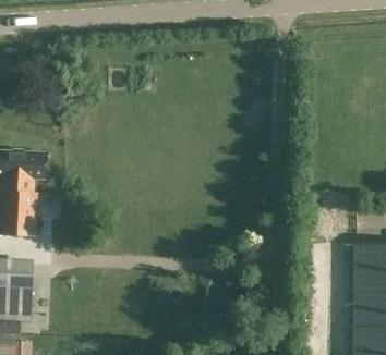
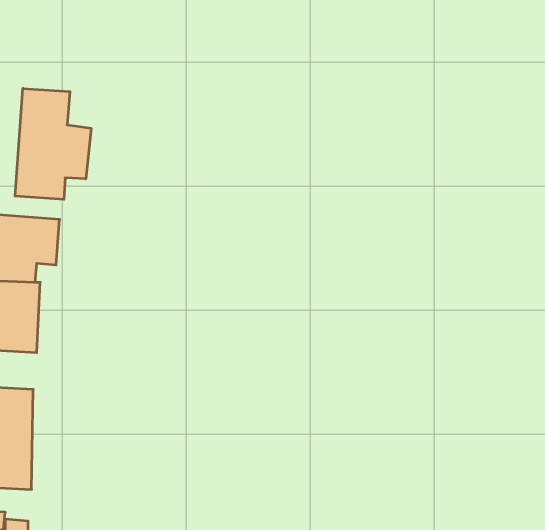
building: none -> [15,88,91,199]

